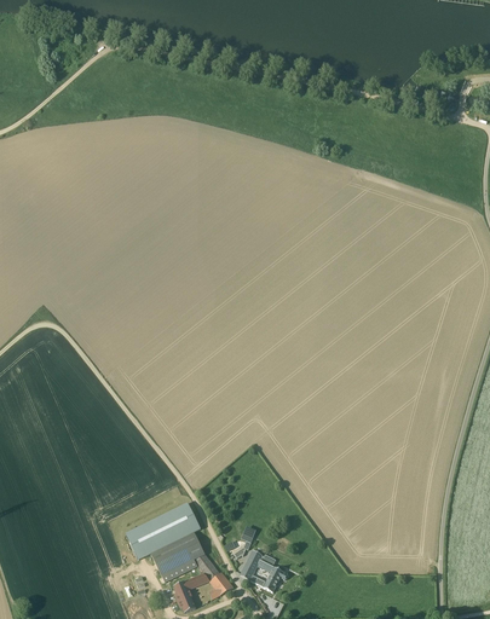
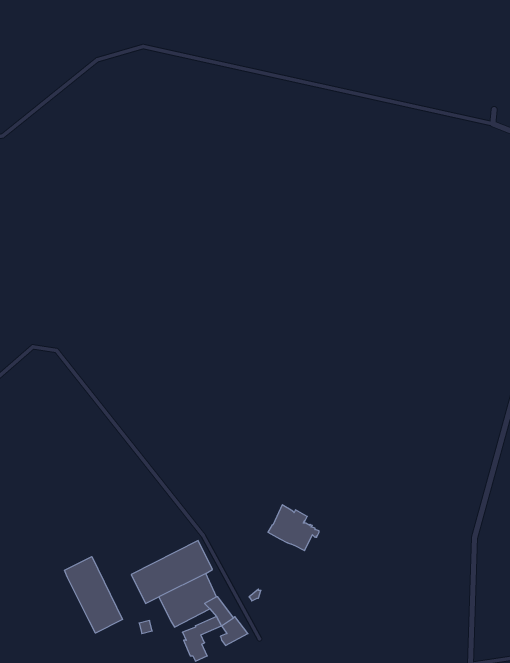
building: none -> [65,557,123,633]
building: [240,549,287,591] -> [268,505,319,551]

